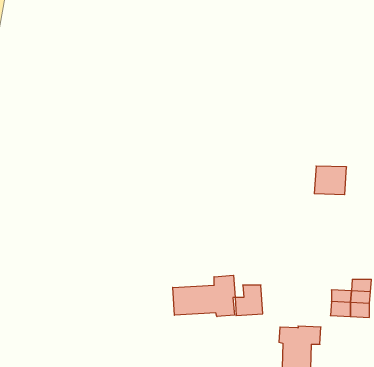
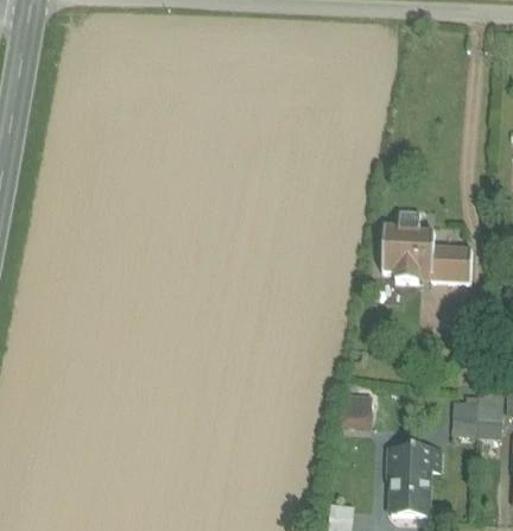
building: none -> [381,209,433,280]
building: [173,275,235,317] -> none

